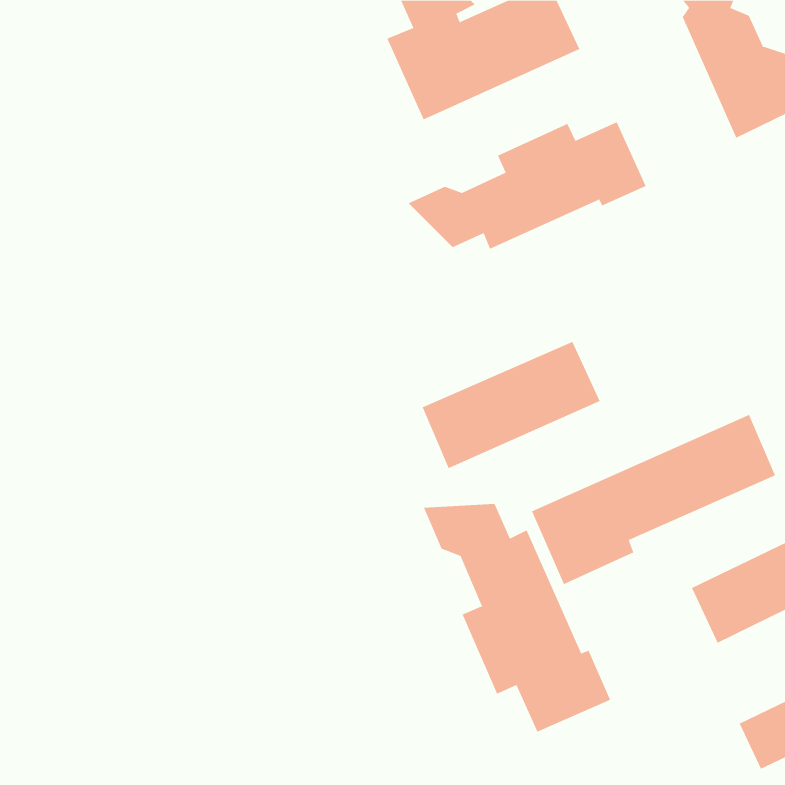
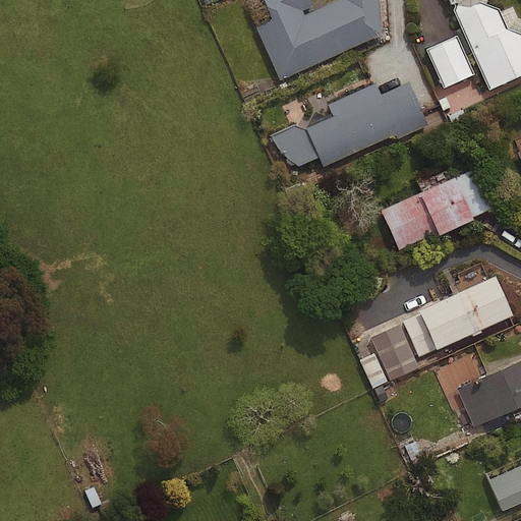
building: none -> [425,37,471,88]
building: [422,341,601,469] -> [383,165,501,249]
building: [423,503,611,733] -> none

